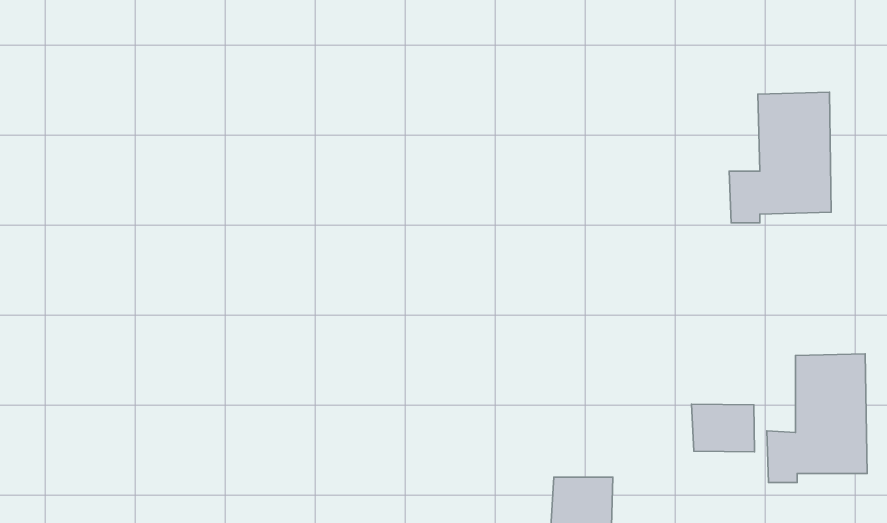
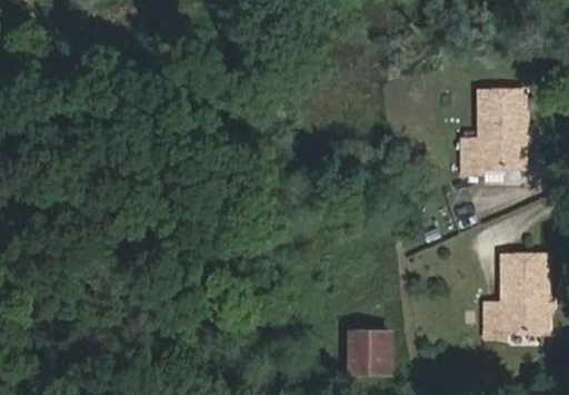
building: [691,404,755,452] -> none

